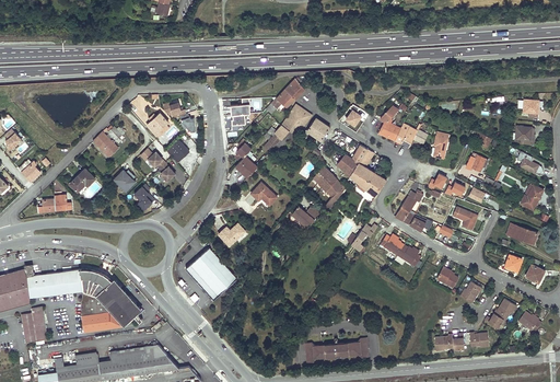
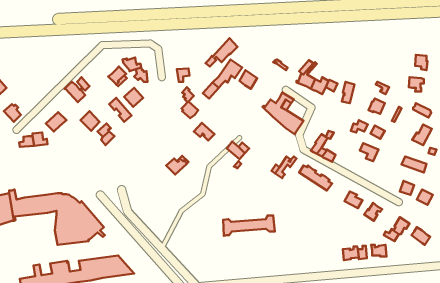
building: [314,166,343,205] -> none
building: [186,246,236,299] -> none
building: [21,306,47,342] -> none
building: [305,337,369,362] -> [223,215,275,236]

